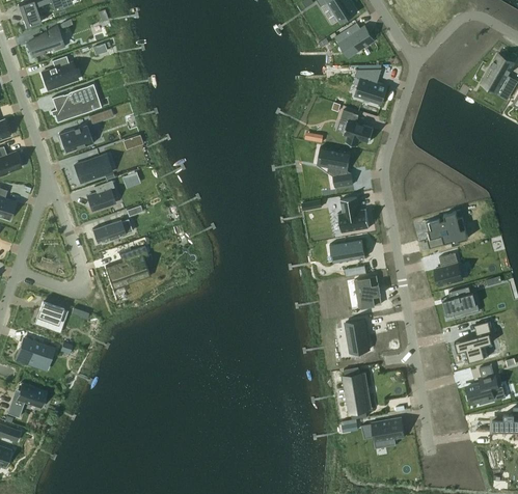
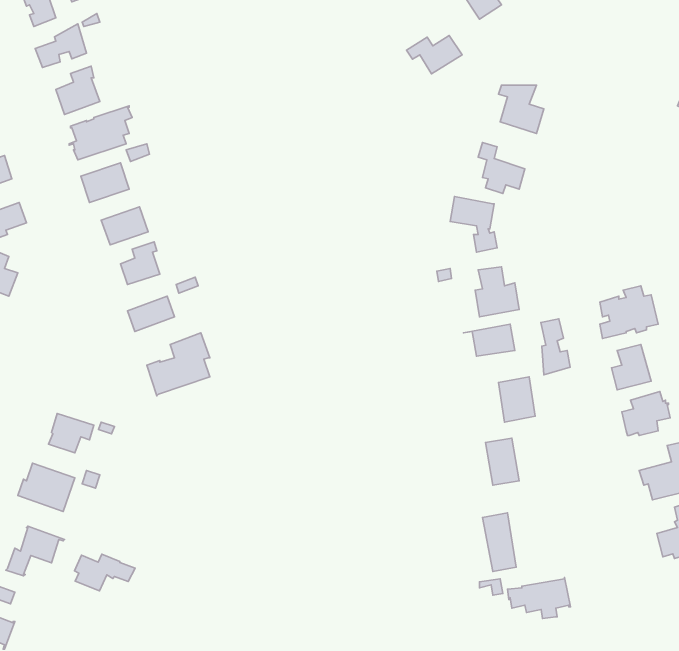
building: [334,27,374,54] -> [407,36,462,74]
building: none -> [541,319,570,375]
building: none -> [74,554,135,591]

